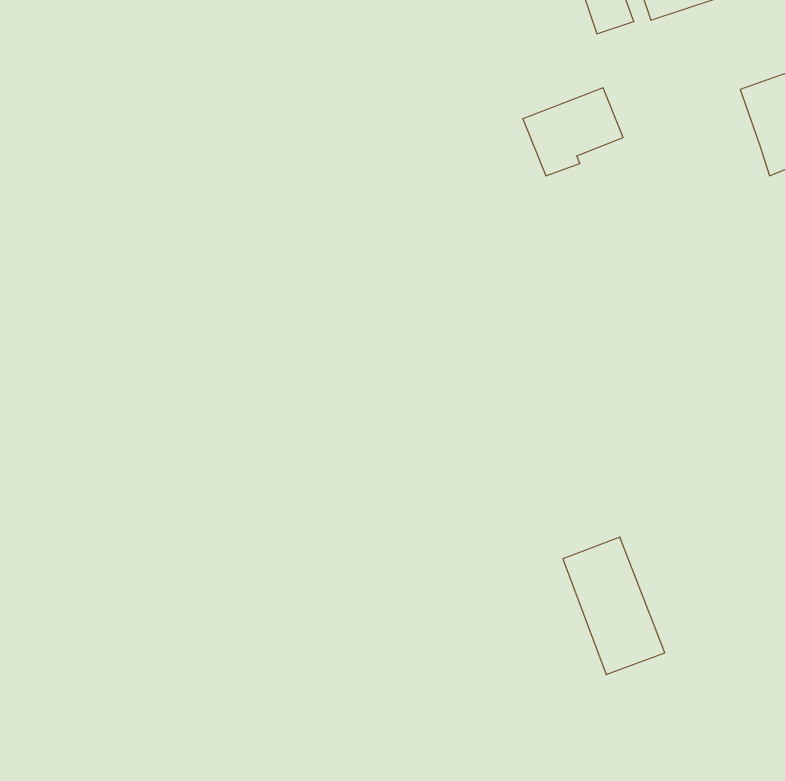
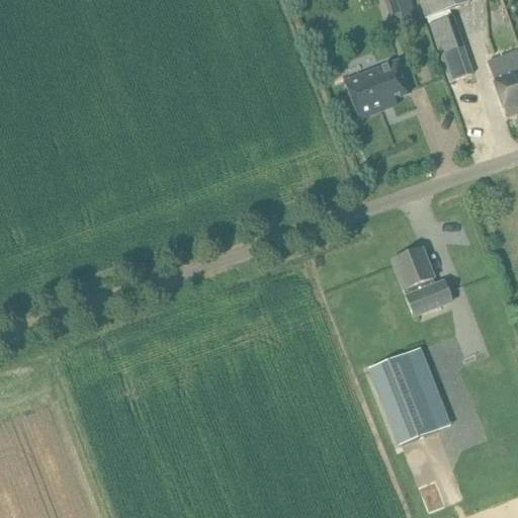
building: none -> [431,11,473,79]
building: none -> [393,247,453,314]

